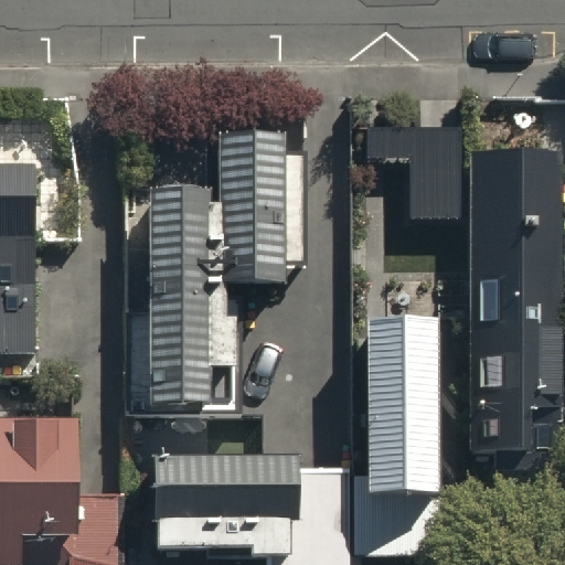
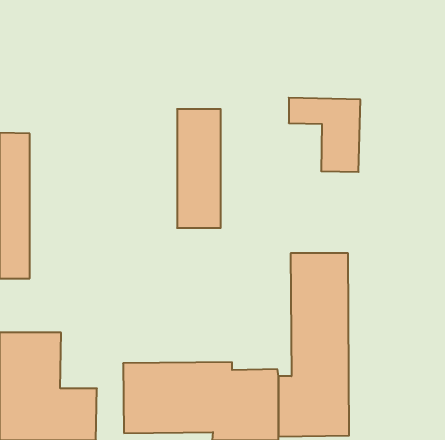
building: [472,153,555,454] -> none
building: [147,193,209,411] -> none

